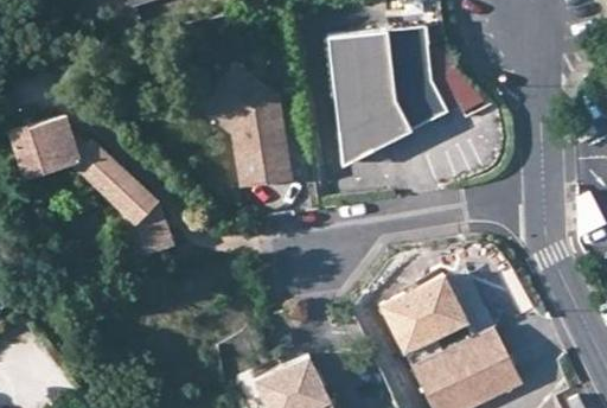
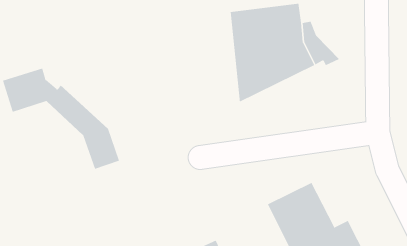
building: [204,62,290,186] -> none

